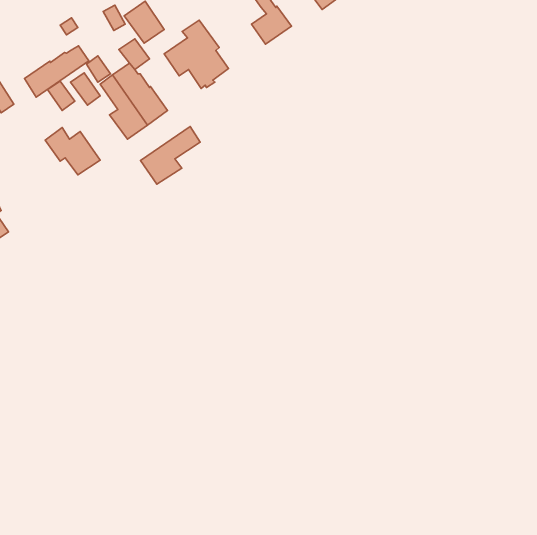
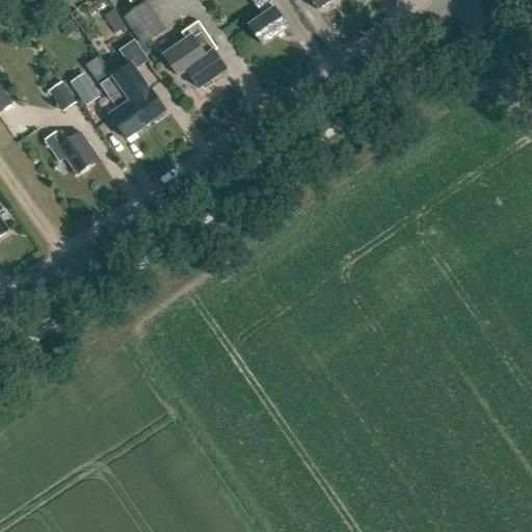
building: [24,46,89,97] -> none
building: [141,126,200,184] -> none

